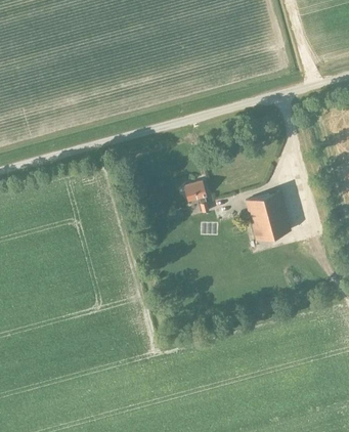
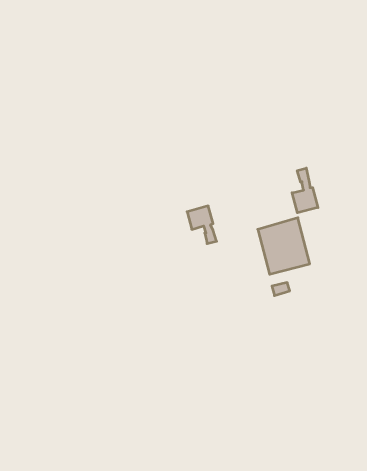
building: none -> [292,168,318,213]

